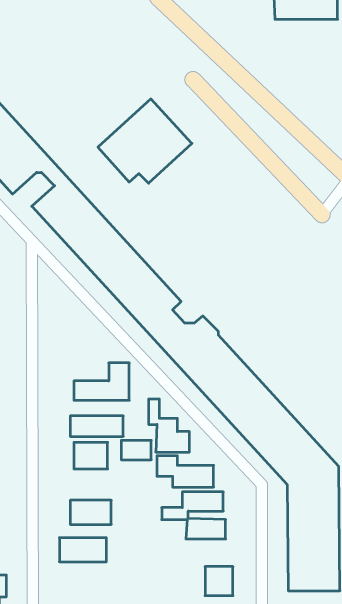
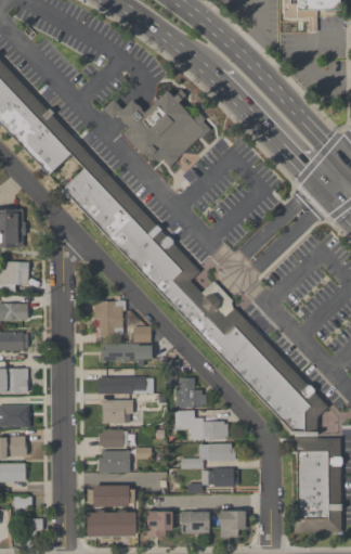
building: none -> [95,301,122,335]
building: [121,440,151,460] -> [100,429,127,447]
building: none -> [145,512,171,538]
building: none -> [87,513,135,538]
building: none -> [180,513,208,534]

